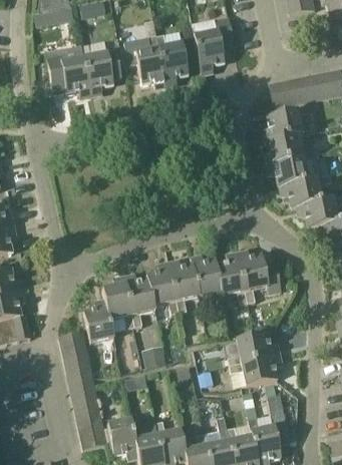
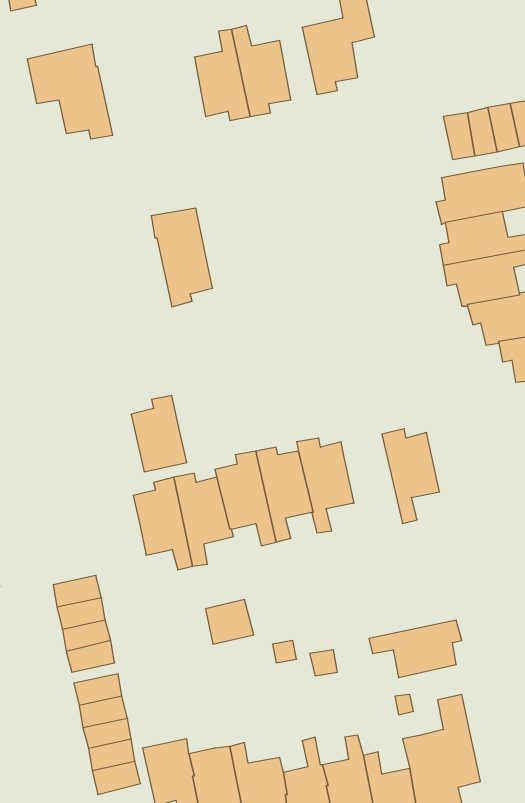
building: [80,40,113,93] -> [151,208,213,307]
building: [216,255,248,304] -> none
building: [83,301,113,342] -> [131,396,187,472]
building: [228,332,277,365] -> none

